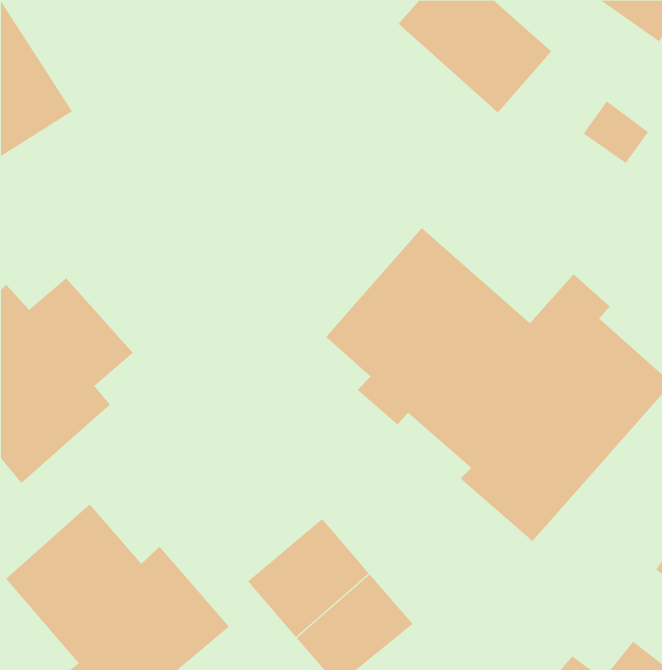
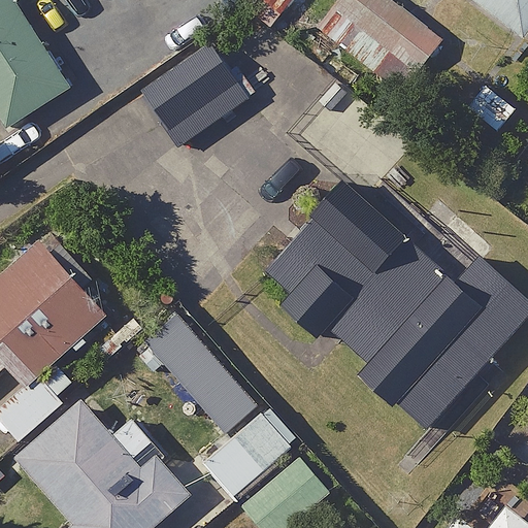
building: none -> [140,45,246,147]

